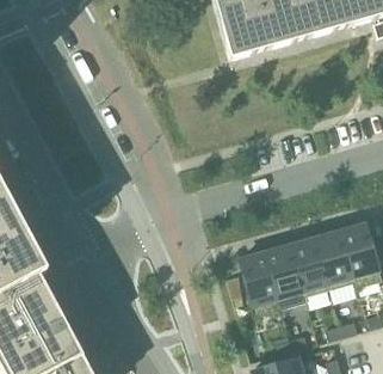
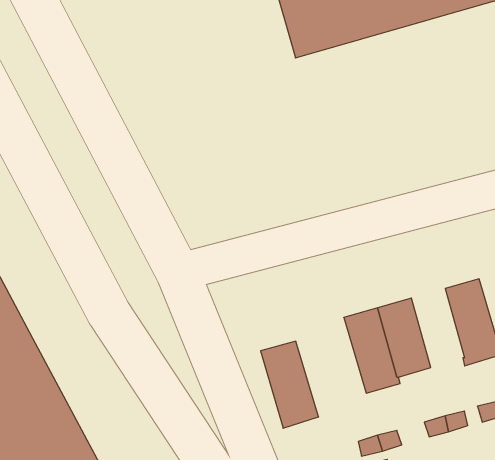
building: [317,227,357,286] -> none
building: [241,249,284,313] -> [261,341,319,428]

